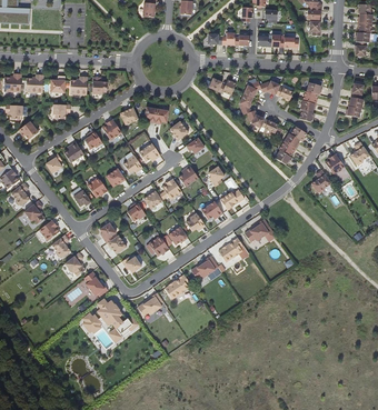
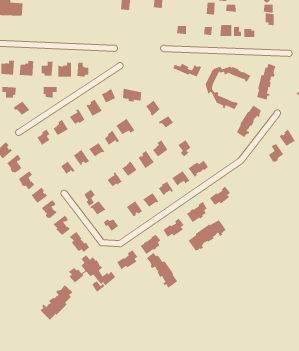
building: none -> [188,219,227,251]
building: none -> [146,252,178,289]
building: none -> [40,284,73,320]

